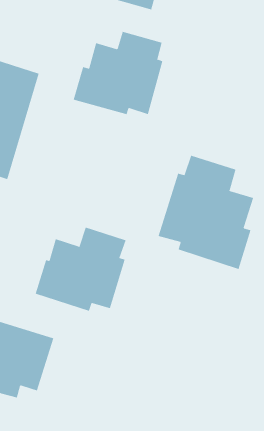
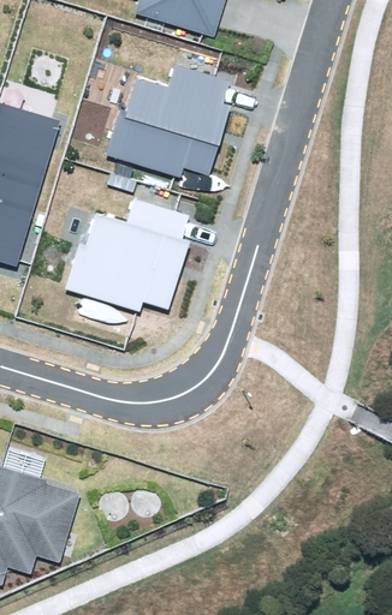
building: [158,155,254,270] -> none
building: [35,227,126,311] -> [65,197,190,312]

